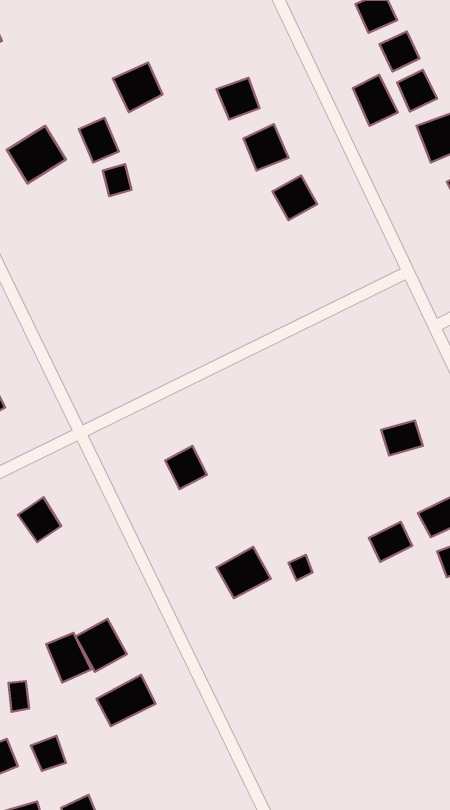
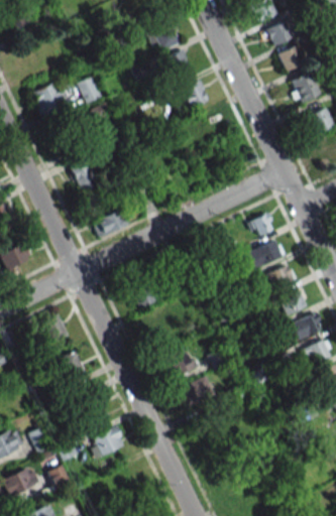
building: [113,62,163,112] -> [149,22,181,53]
building: [353,75,398,126] -> none
building: none -> [71,159,104,197]
building: none -> [93,208,132,238]
building: none -> [249,214,275,237]
building: none -> [247,239,285,269]
building: [369,522,412,562] -> [281,290,308,315]
building: none -> [178,377,215,408]
building: [46,633,91,682] -> [59,352,87,383]

